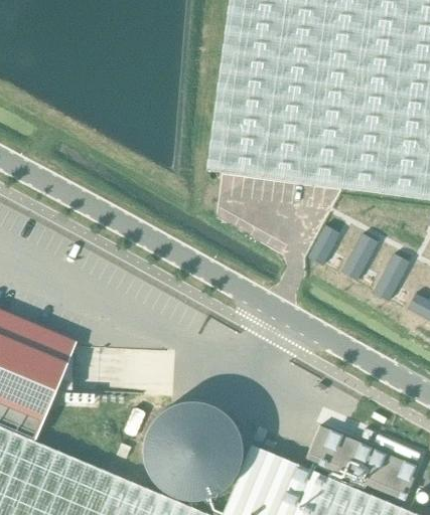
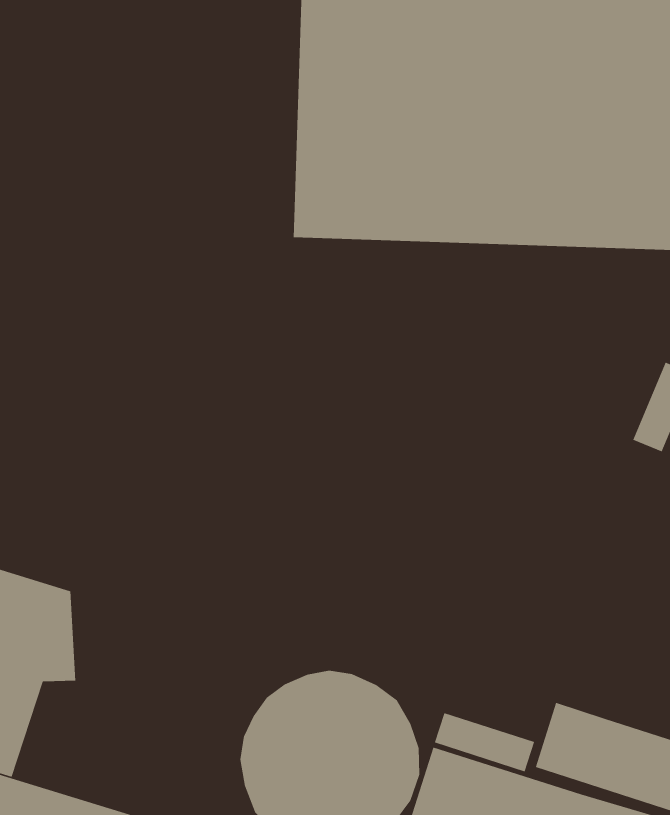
building: [307,226,339,267] -> none
building: [340,234,378,282] -> none
building: none -> [434,712,535,772]

